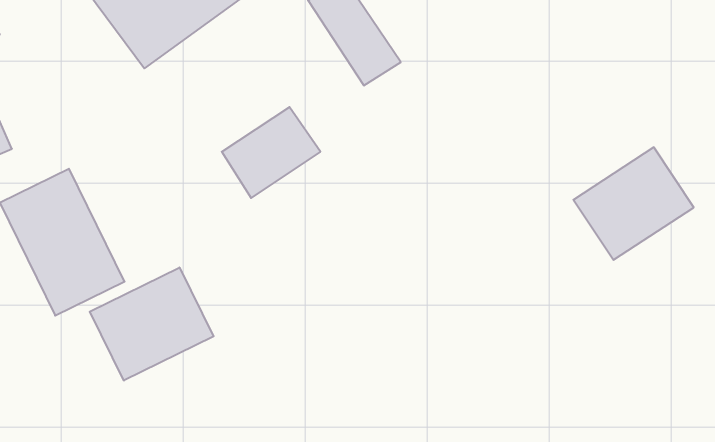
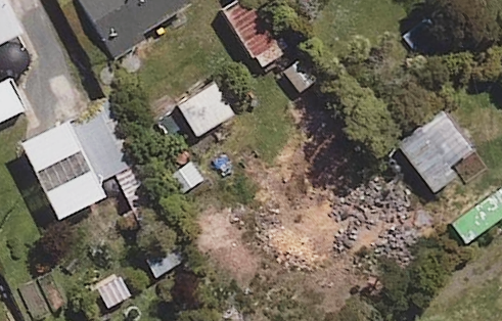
building: [90,267,214,381] -> none

